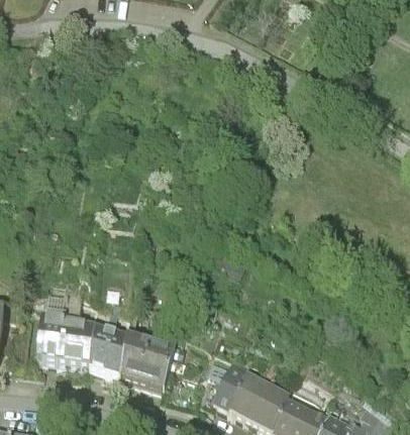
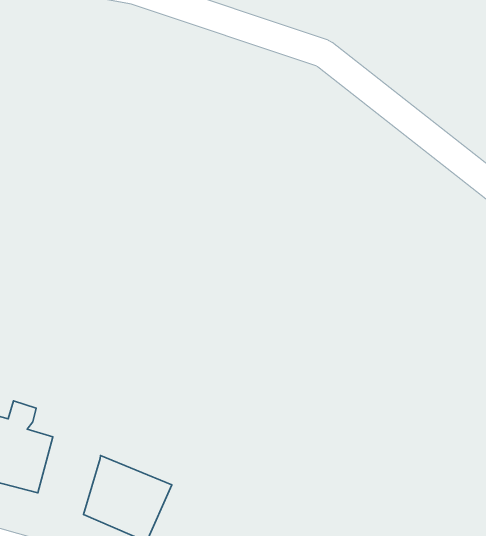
building: [89,324,126,371] -> none

